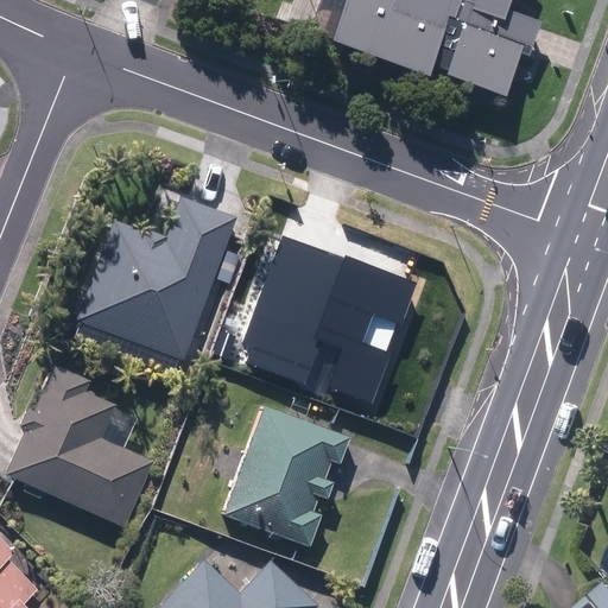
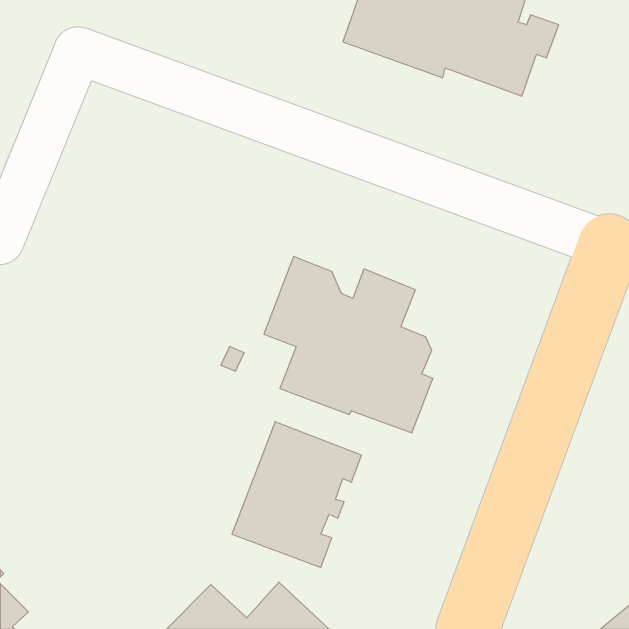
building: [78,200,235,361] -> none
building: [7,368,152,526] -> none

